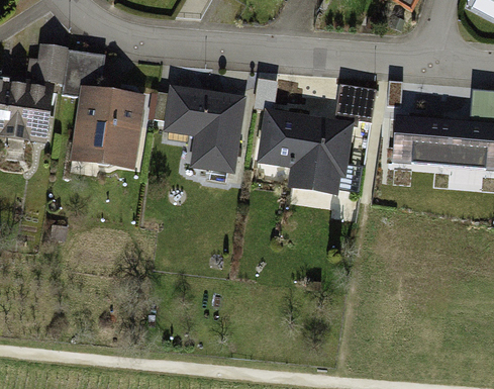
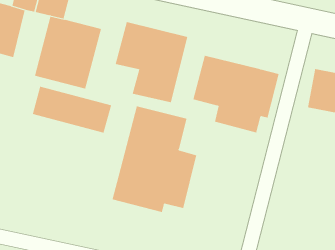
building: [333,84,373,123] -> none
building: none -> [32,86,112,133]
building: none -> [112,105,197,213]

